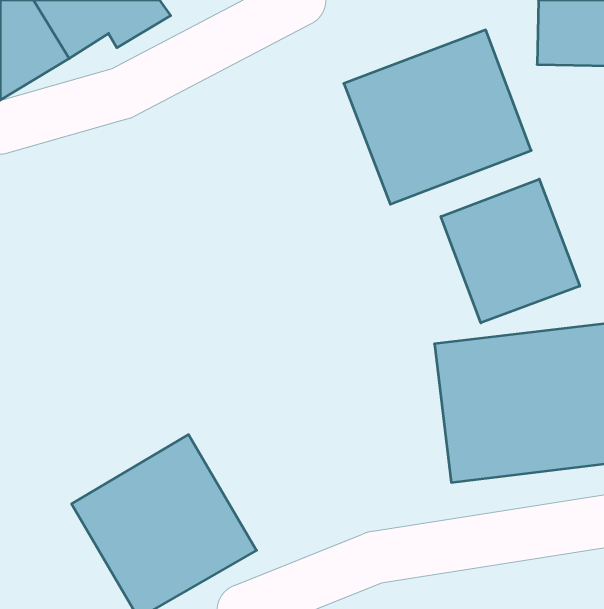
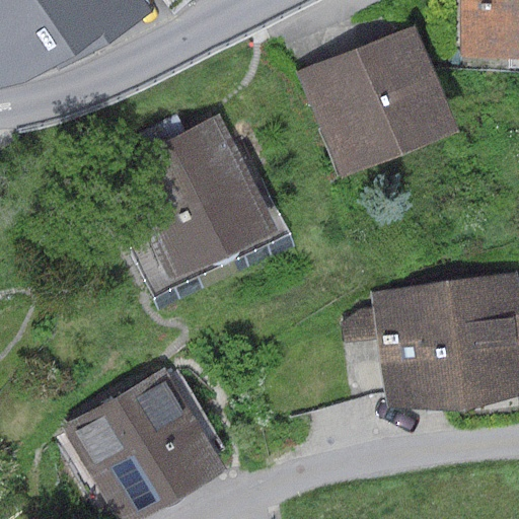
building: none -> [115,115,277,282]
building: [441,179,580,323] -> none

